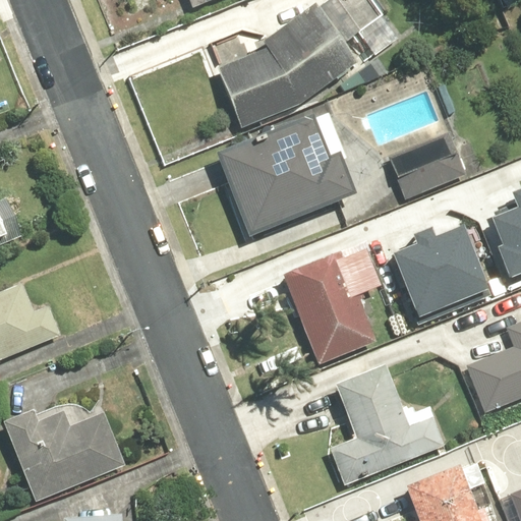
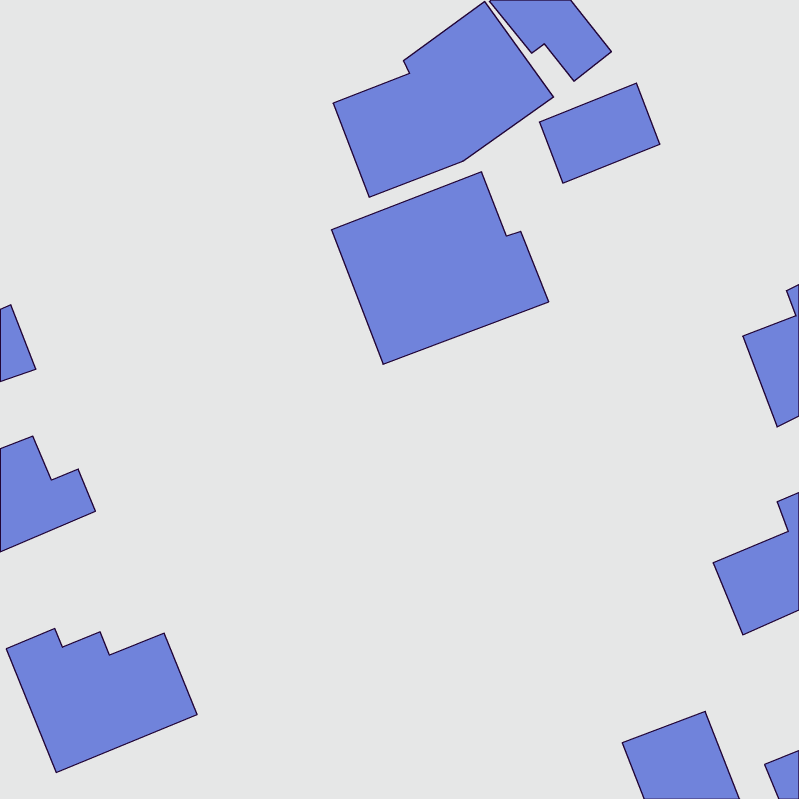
building: [381,137,459,202] -> [539,83,660,183]
building: [387,222,490,319] -> none
building: [279,242,380,364] -> none
building: [328,363,445,485] -> none

